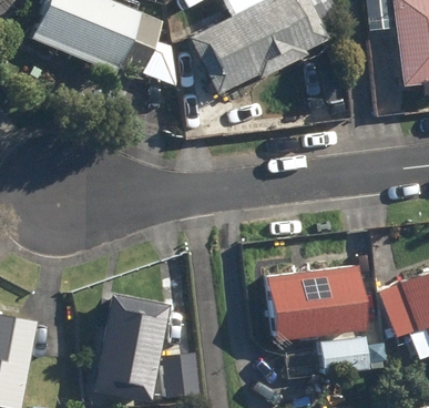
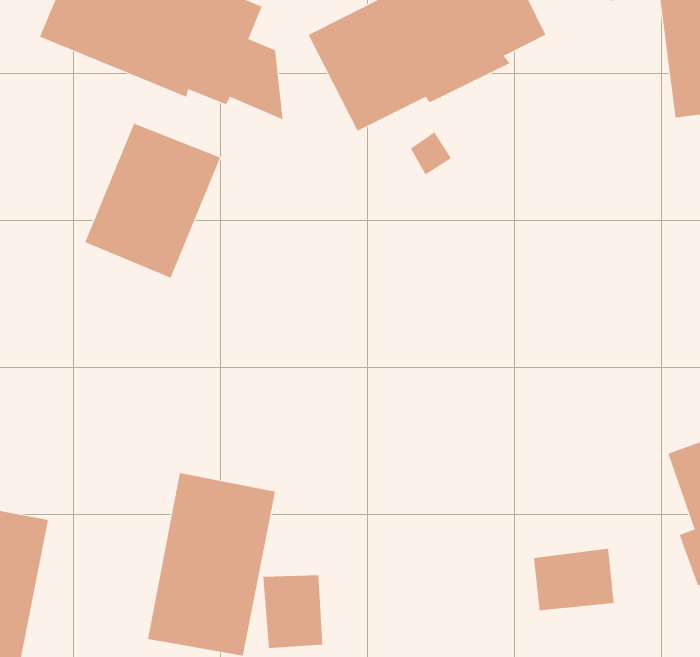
building: none -> [84,123,221,279]
building: [269,266,368,339] -> none

